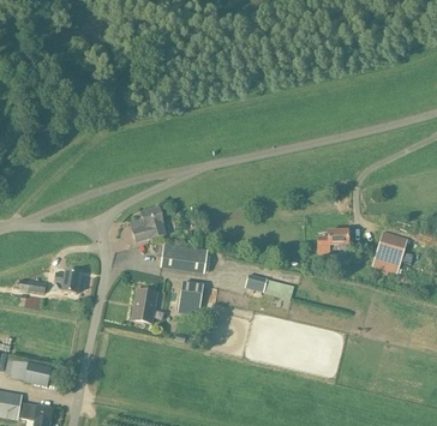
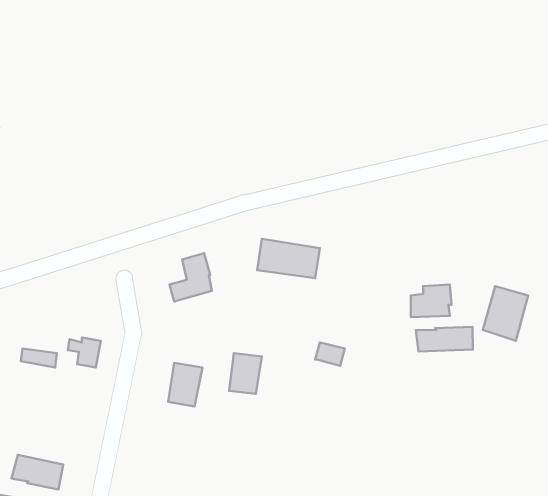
building: [160,242,208,272] -> [257,239,320,278]
building: none -> [416,327,473,352]

